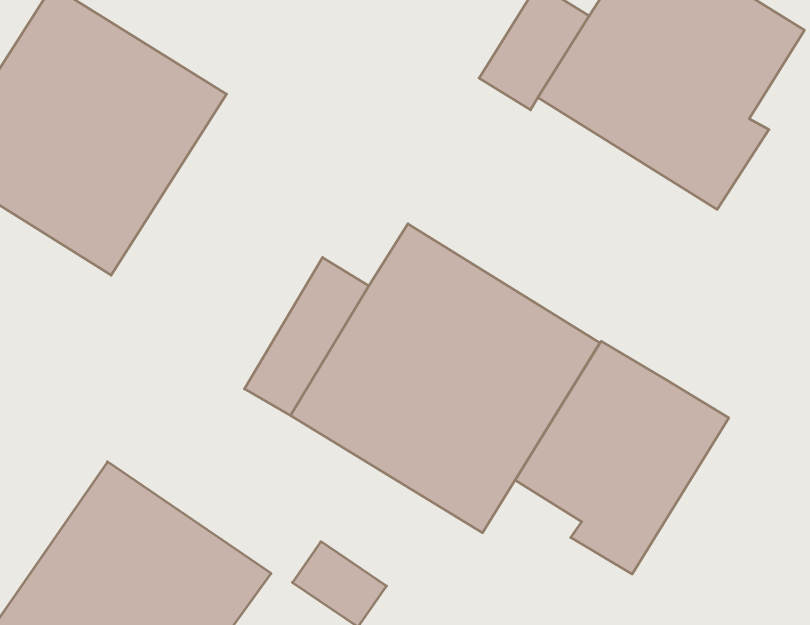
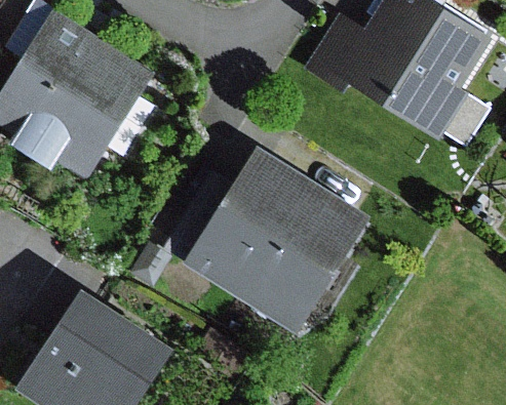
building: [515,341,729,574] -> none

